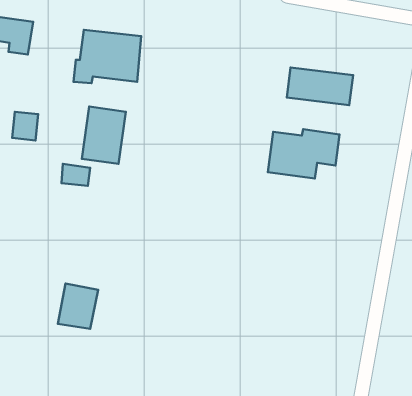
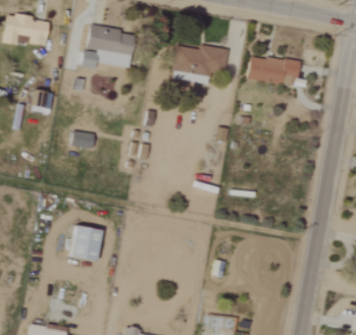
building: [82,107,126,164] -> none
building: [268,129,339,179] -> [172,44,228,82]

